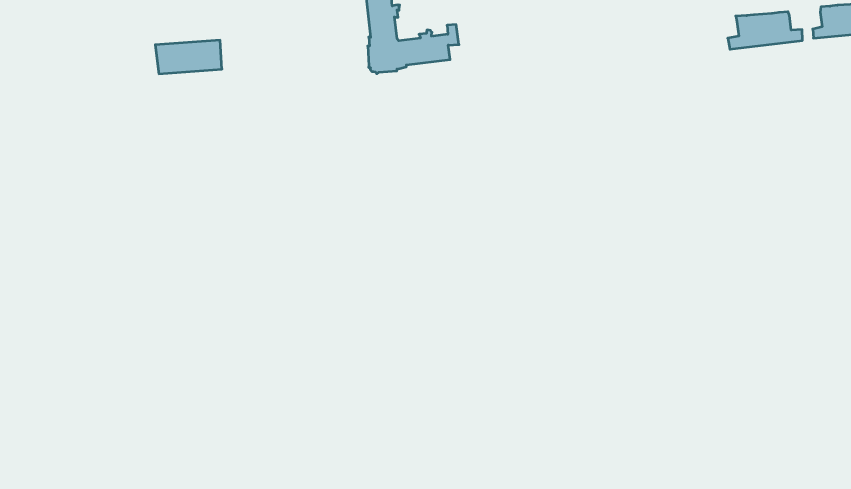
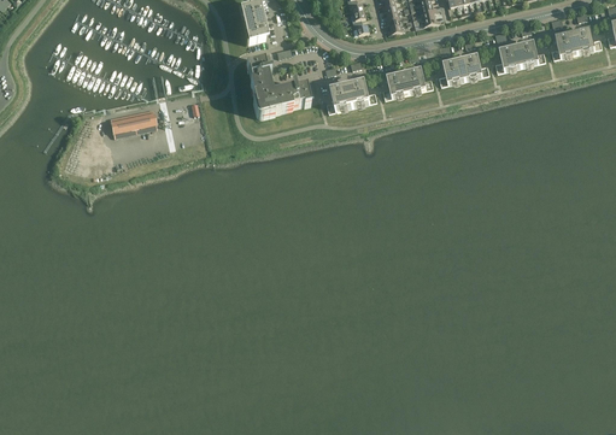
building: none -> [439,54,488,84]
building: none -> [382,67,433,98]
building: none -> [325,81,376,111]

